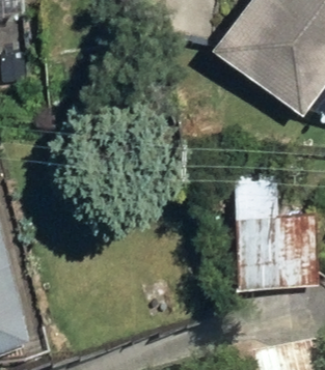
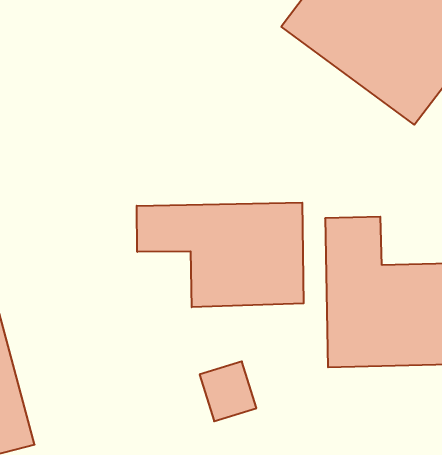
building: none -> [137,203,304,307]

